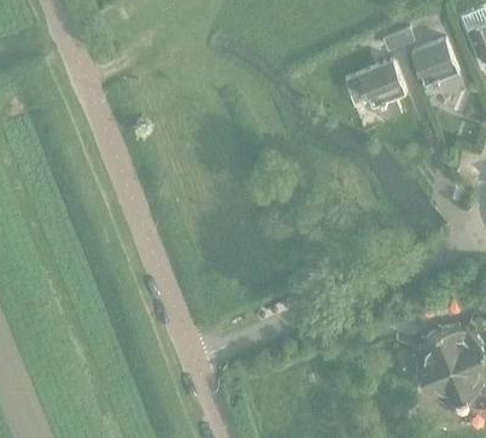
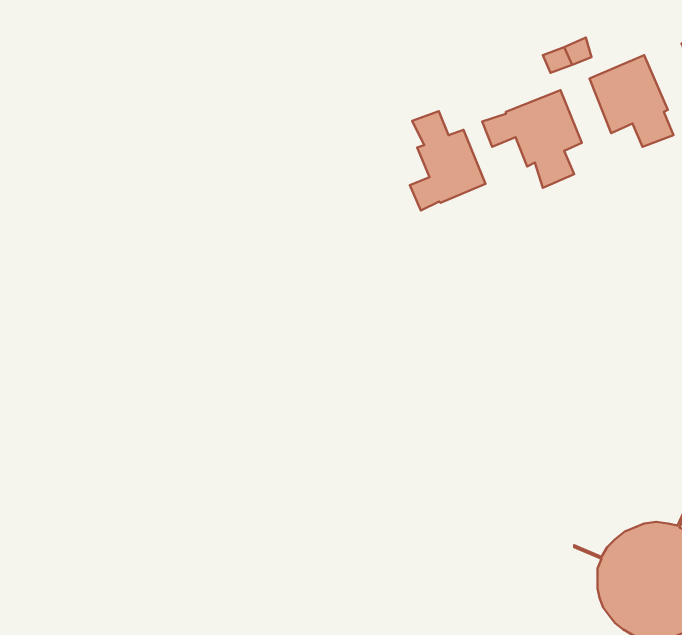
building: none -> [410,111,485,211]

